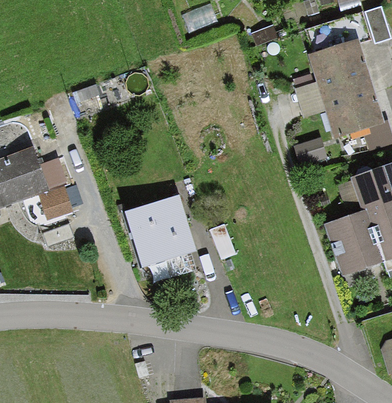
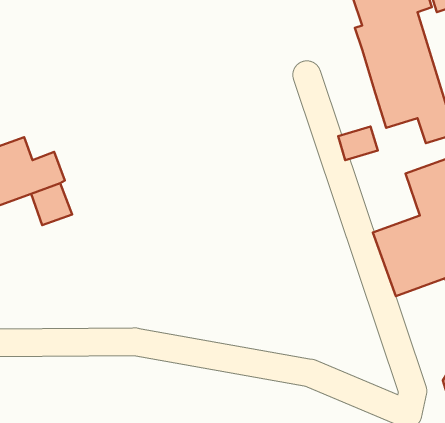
building: [294,73,325,117] -> none
building: [121,193,198,281] -> none

